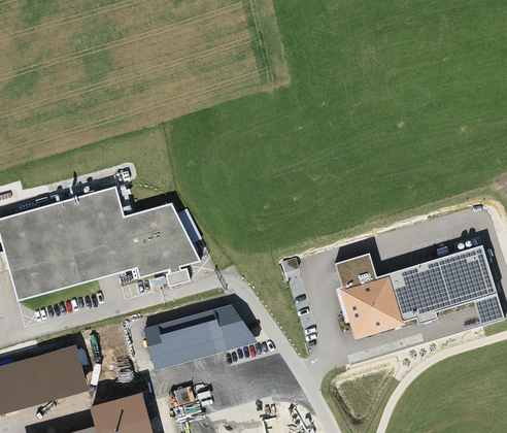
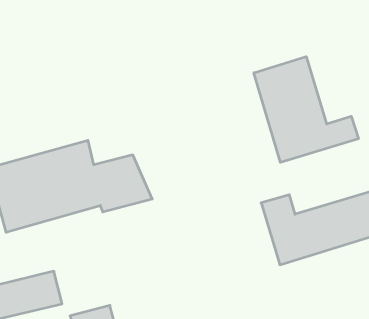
building: none -> [254,57,358,162]
building: [144,306,260,371] -> none

